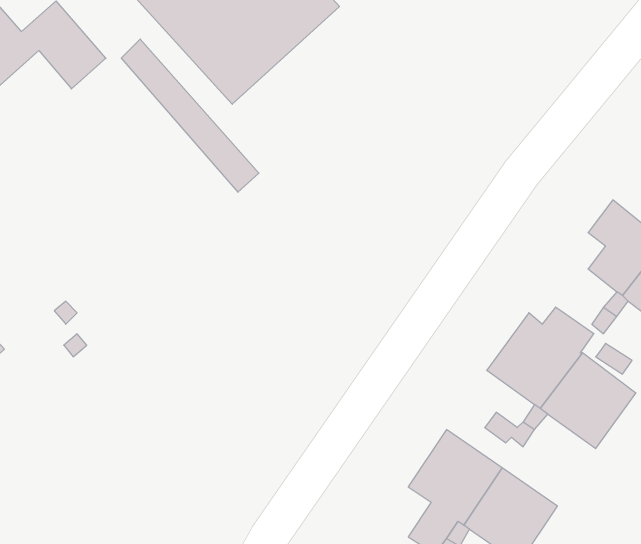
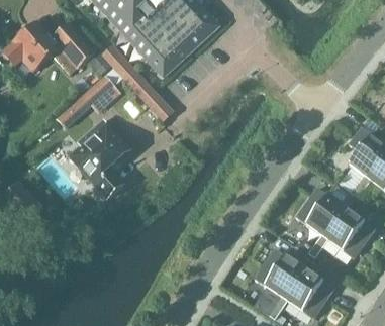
building: none -> [56,74,122,130]
building: none -> [70,120,131,199]

